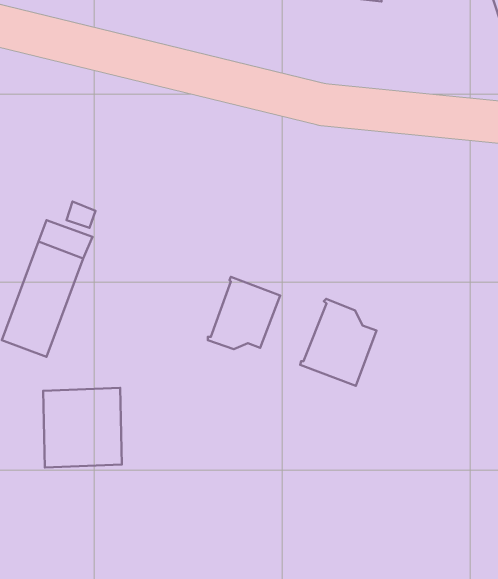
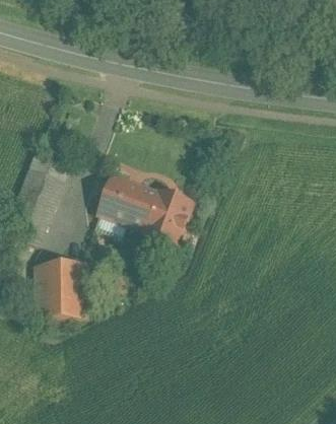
building: none -> [98,170,158,225]
building: [300,299,376,386] -> none

